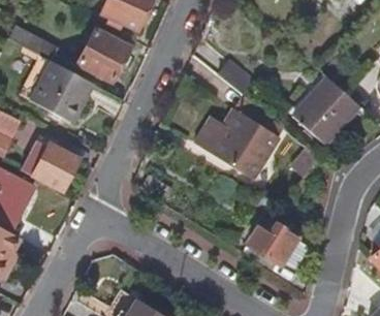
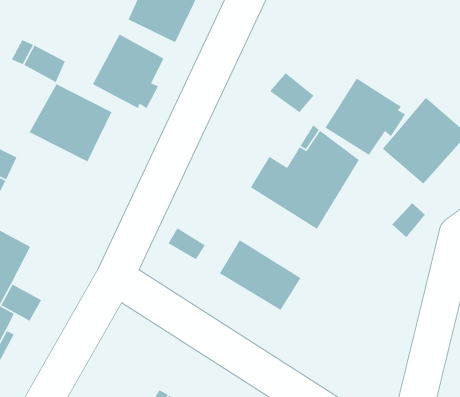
building: none -> [325,77,406,156]
building: [20,144,78,195] -> none
building: [247,217,309,271] -> [219,239,301,311]

